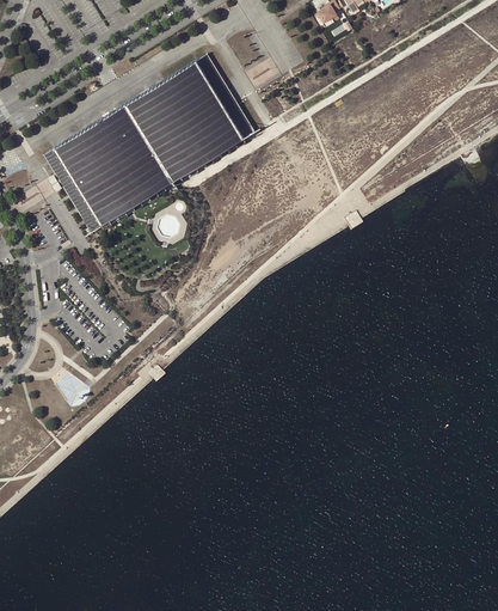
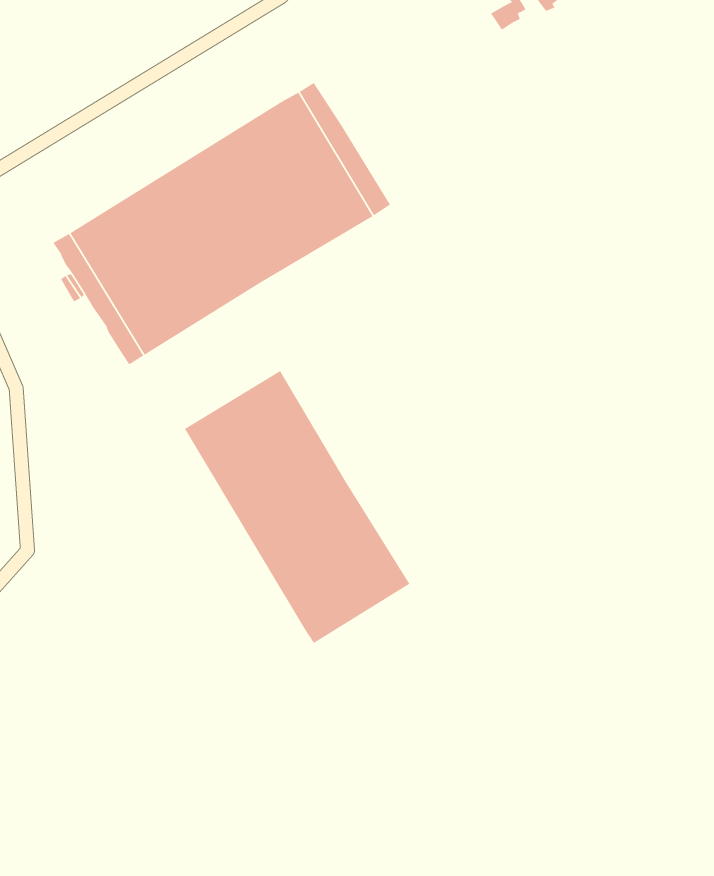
building: none -> [184,370,410,644]

